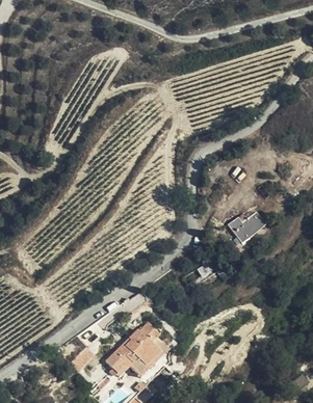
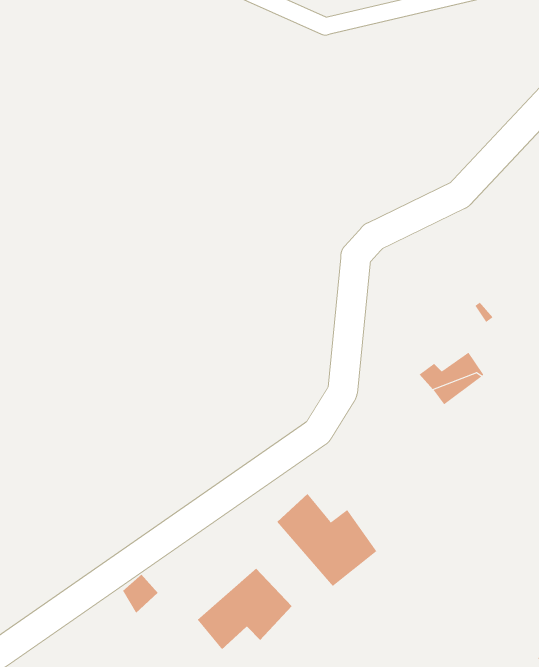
building: none -> [276,493,377,587]

